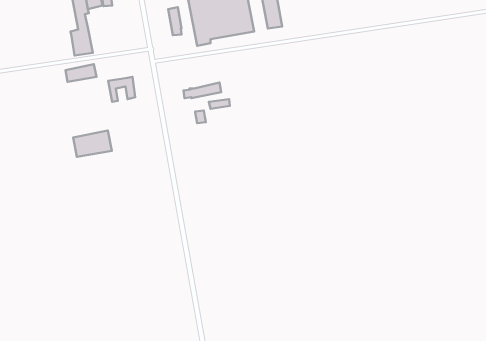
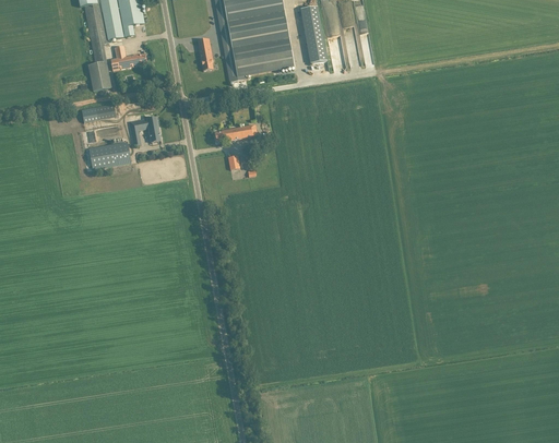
building: none -> [111,46,147,70]
building: [73,131,112,157] -> [88,140,132,169]

